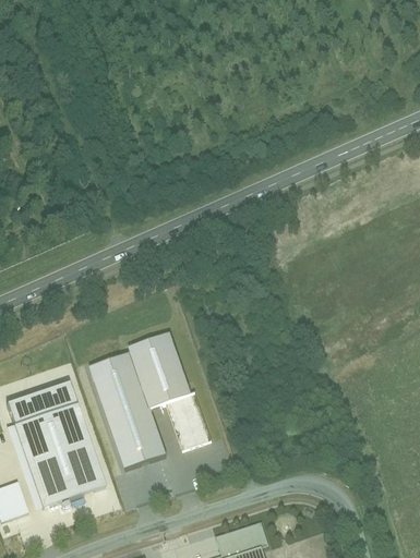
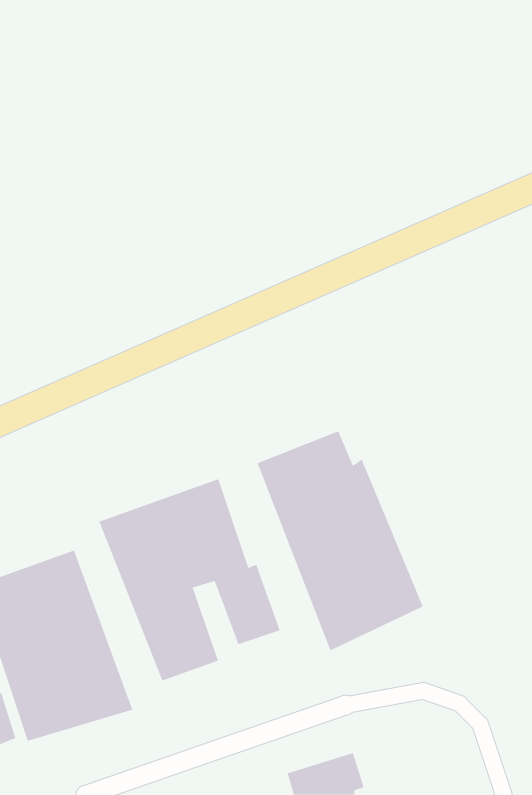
building: none -> [257,430,423,651]

